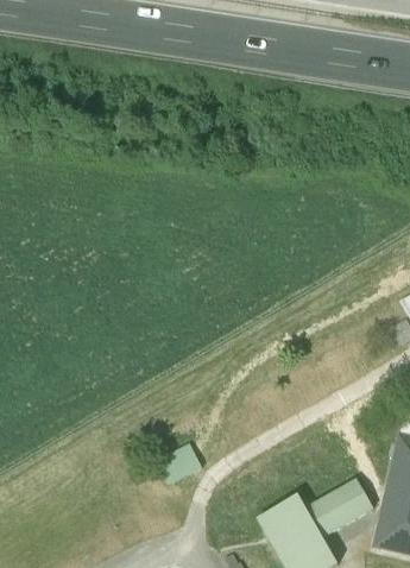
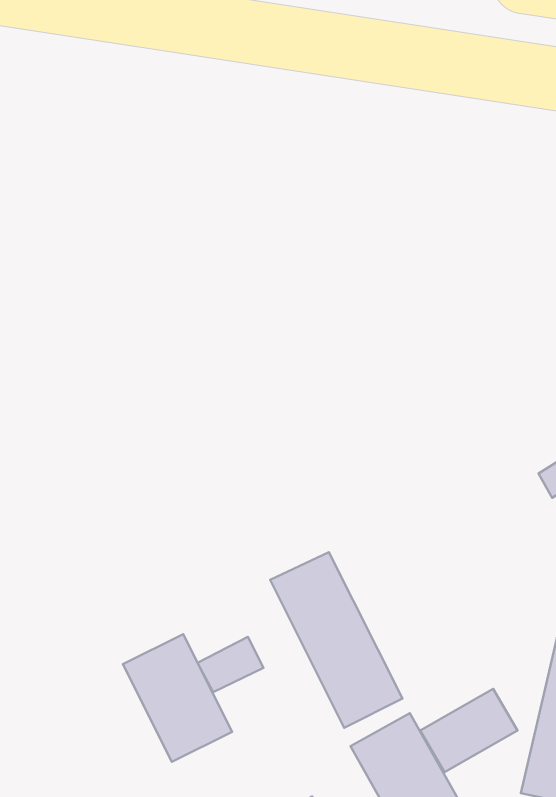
building: none -> [270,552,402,728]
building: none -> [123,634,232,762]

